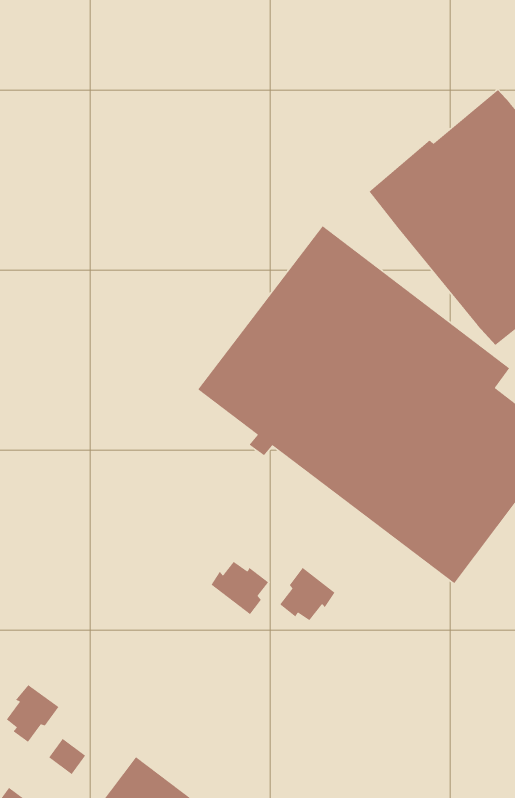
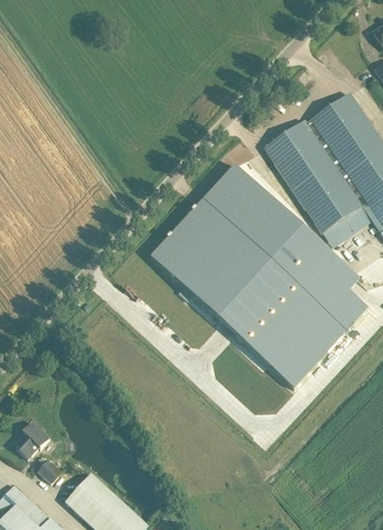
building: [211,561,269,615] -> none
building: [279,567,335,621] -> none

